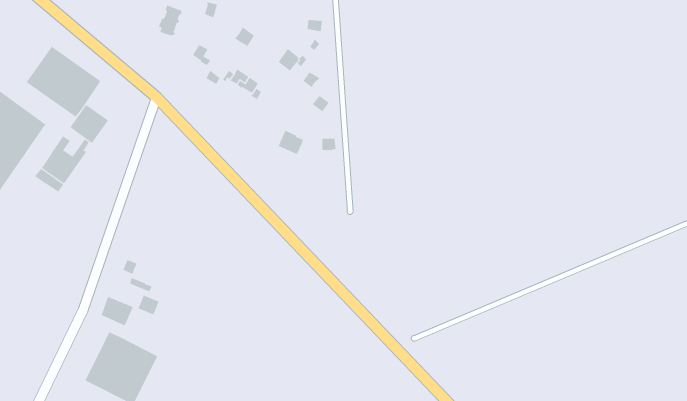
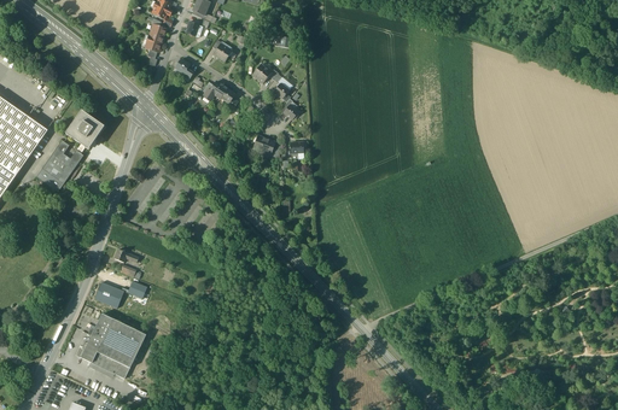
building: [26,46,101,118] -> none

